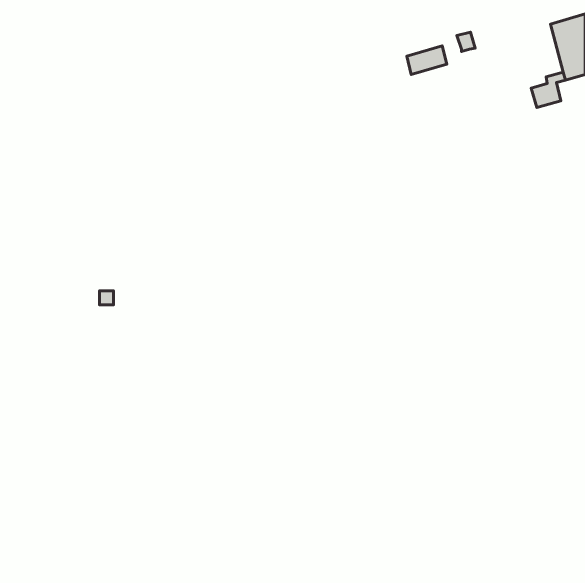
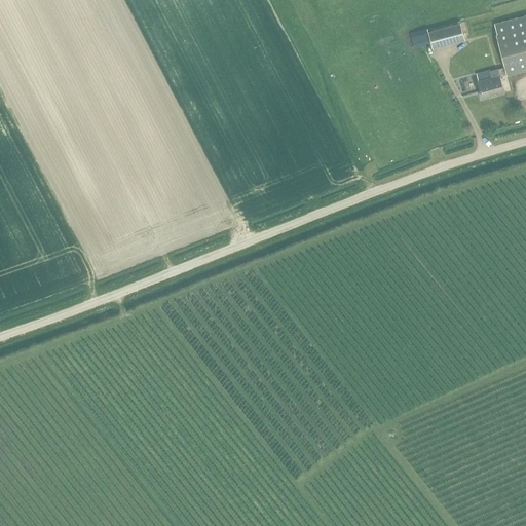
building: [407,46,447,74] -> [428,21,464,46]

